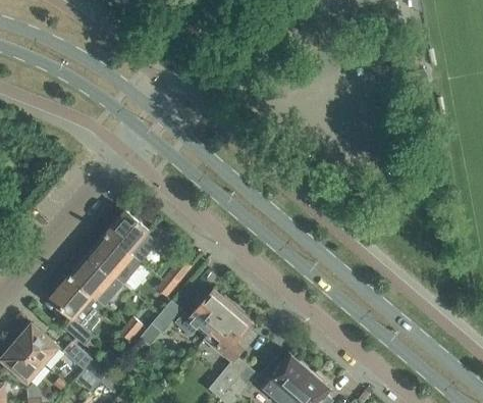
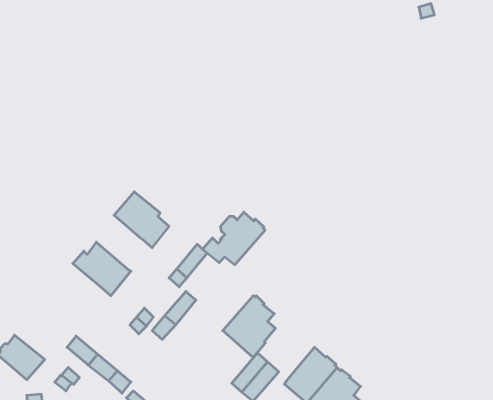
building: [90,232,132,282] -> none
building: [49,275,97,345] -> none
building: [175,289,232,337] -> [202,212,265,265]
building: [15,322,57,363] -> none

